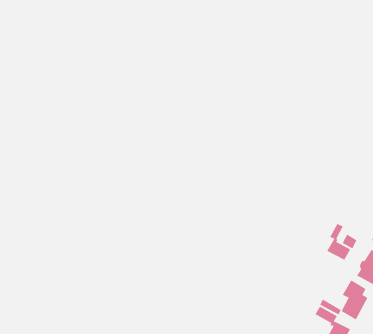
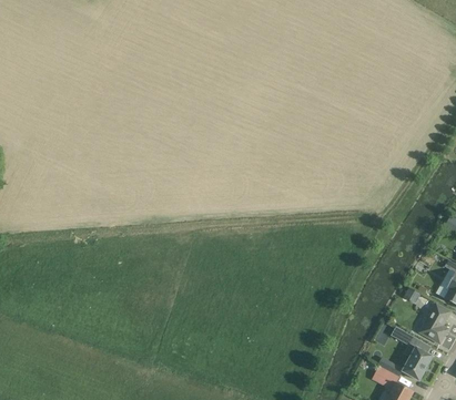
building: [326,223,351,261] -> none

